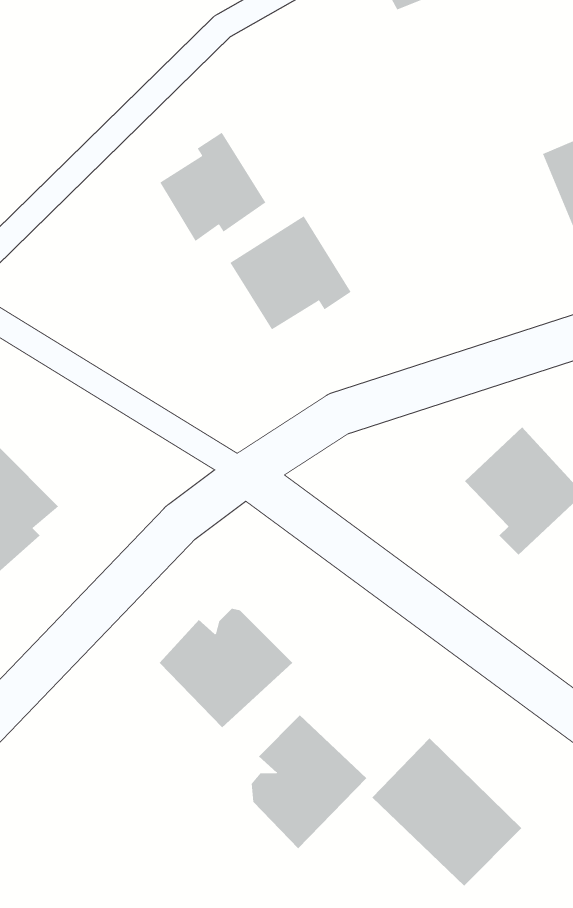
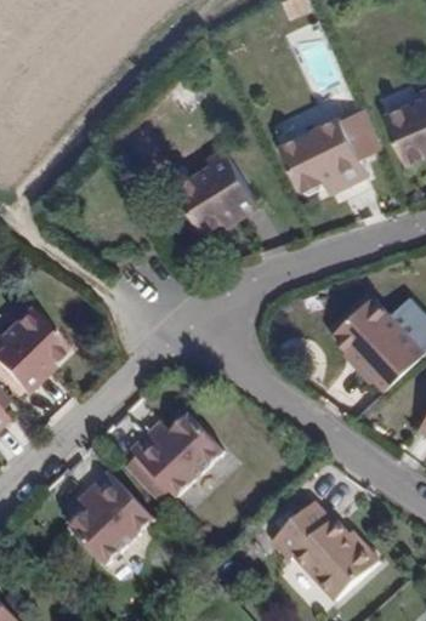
building: [159,132,266,242] -> none
building: none -> [280,115,369,190]
building: [251,715,367,849] -> [72,474,149,564]

